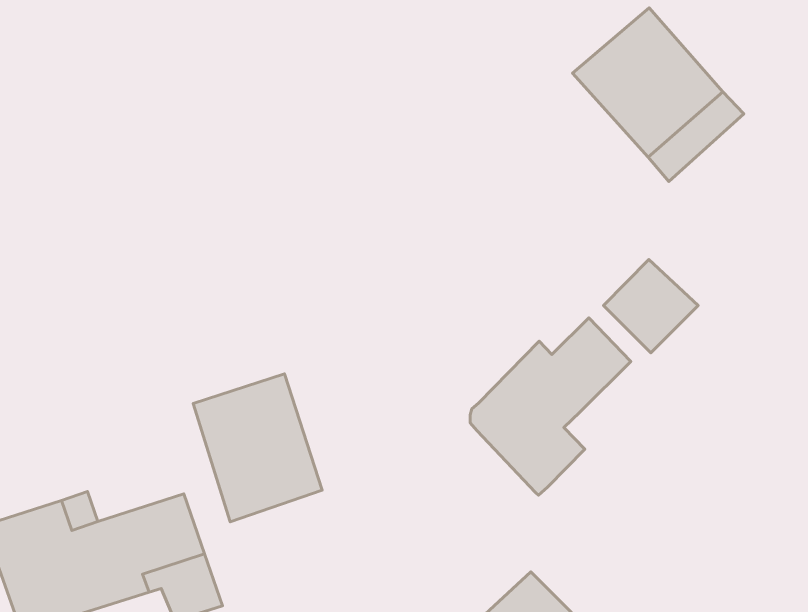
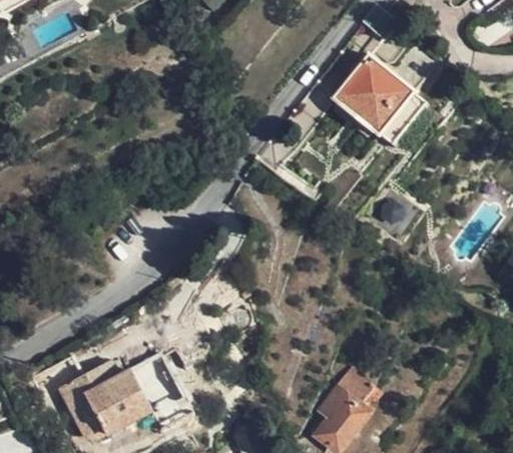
building: [470,318,631,495] -> none
building: [193,374,322,522] -> none

